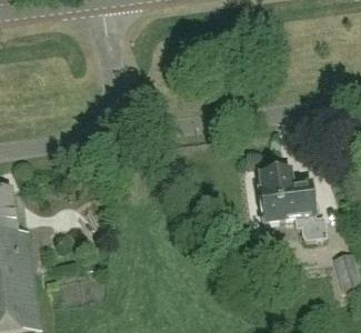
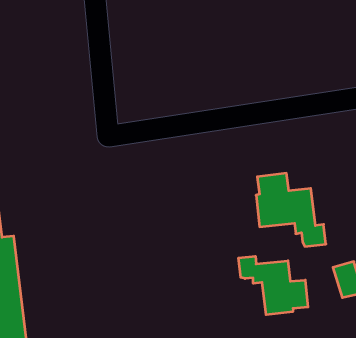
building: none -> [239,256,308,315]

